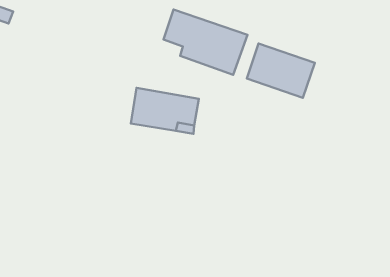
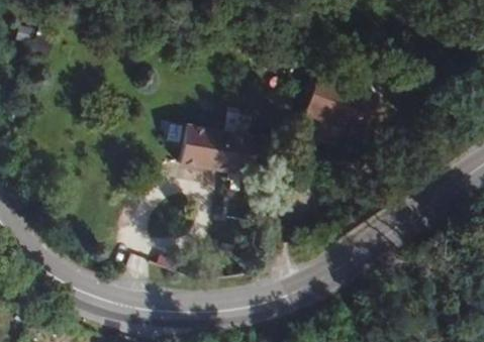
building: [163,10,248,75] -> none

